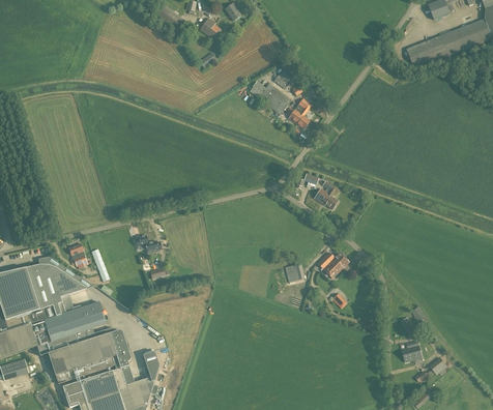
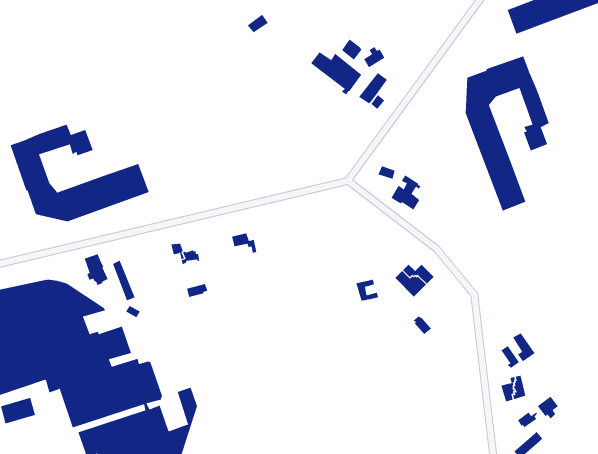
building: none -> [465,55,550,212]
building: none -> [10,124,150,222]

